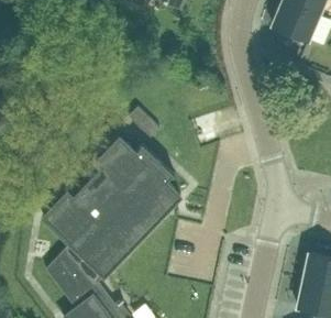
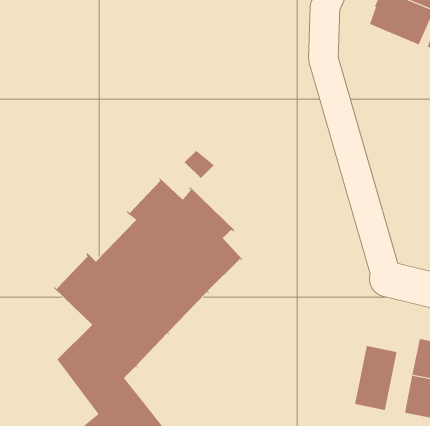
building: none -> [354,345,397,411]

